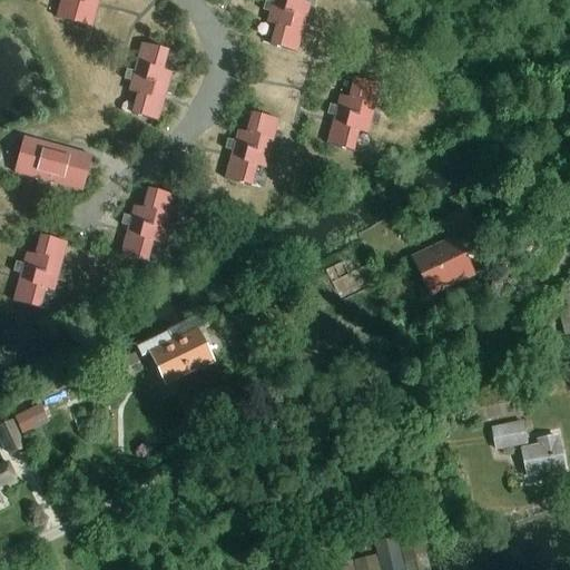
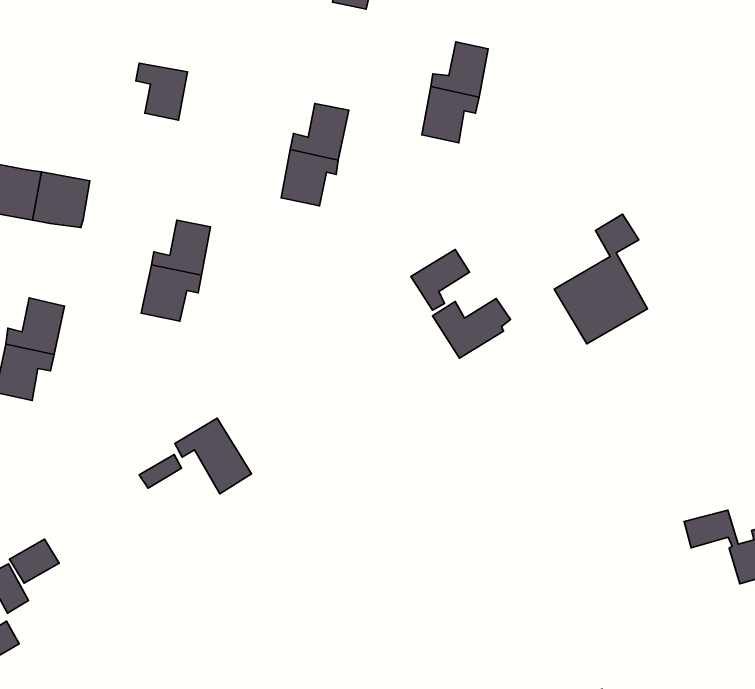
building: [132,42,169,85] -> none
building: none -> [411,250,470,310]
building: [168,317,214,371] -> none

